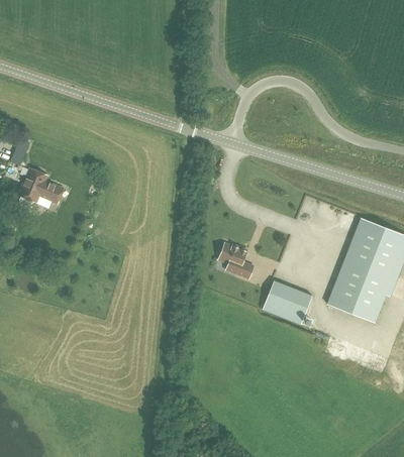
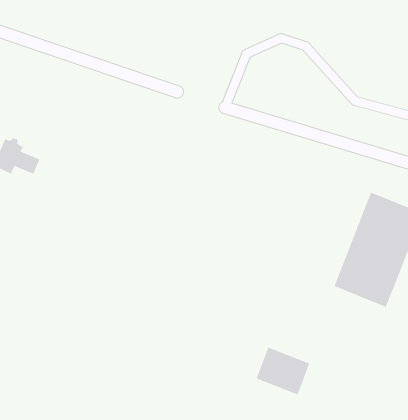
building: [217,243,254,278] -> none
building: [263,280,312,325] -> [256,346,310,396]

